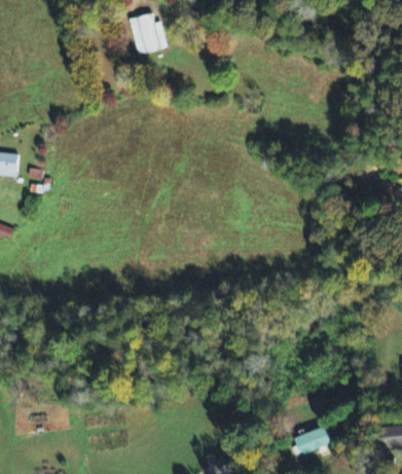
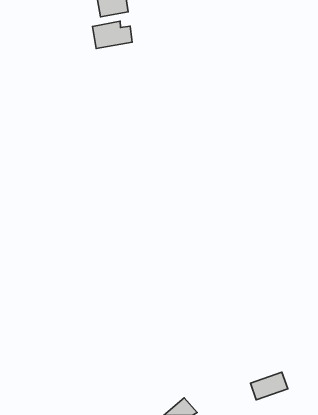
building: none -> [92,21,132,48]

